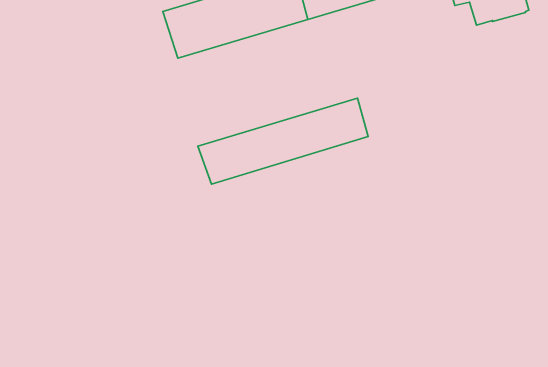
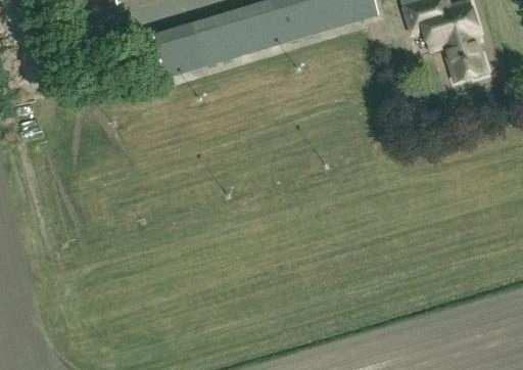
building: none -> [446,38,486,81]
building: [198,98,368,184] -> none

